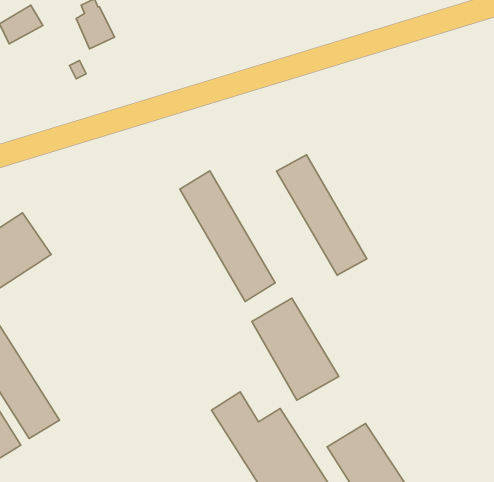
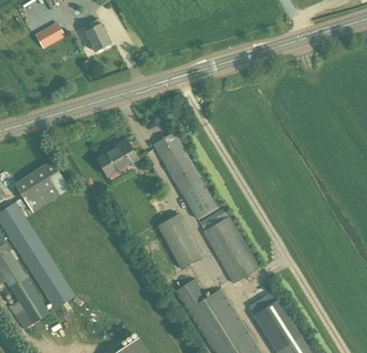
building: [277,155,367,275] -> none
building: none -> [97,139,137,176]
building: none -> [158,214,202,268]

